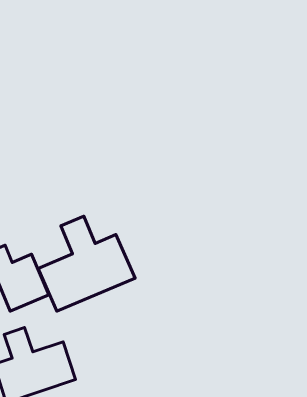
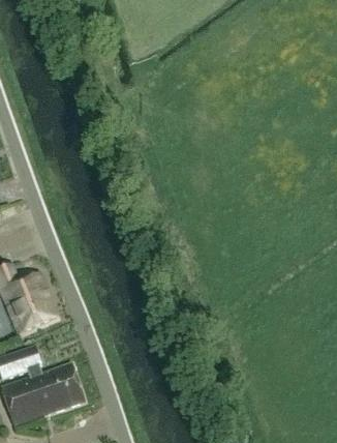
building: [38,216,135,311] -> none

